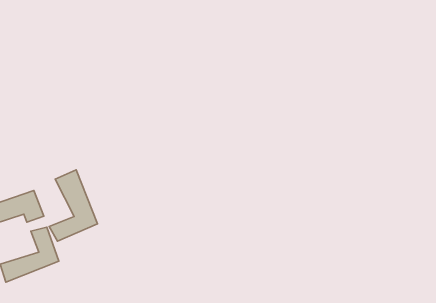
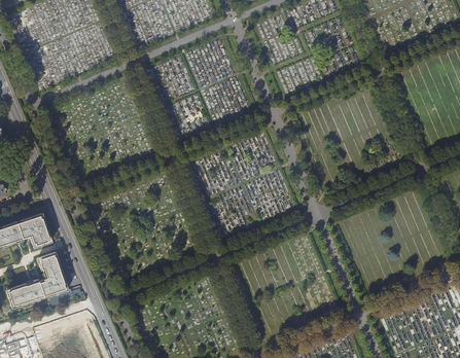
building: [49,170,97,241] -> none

